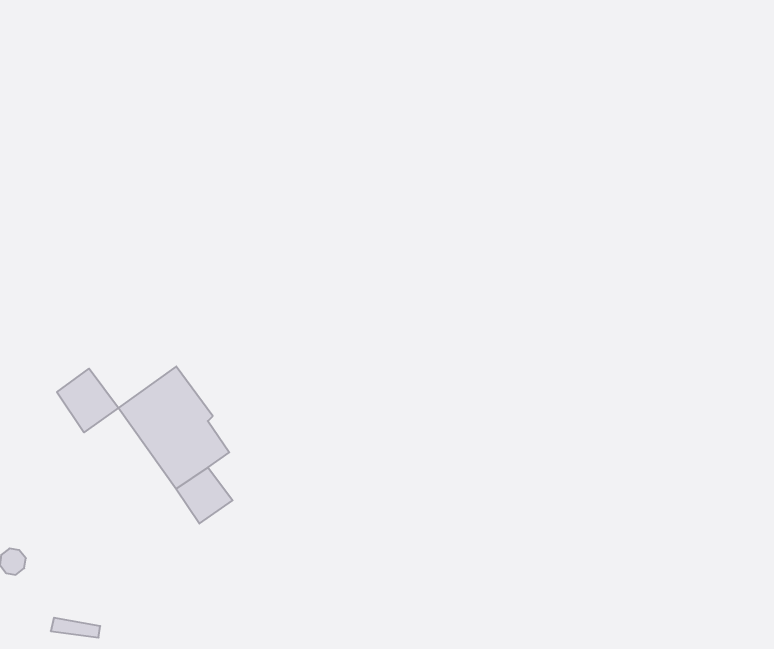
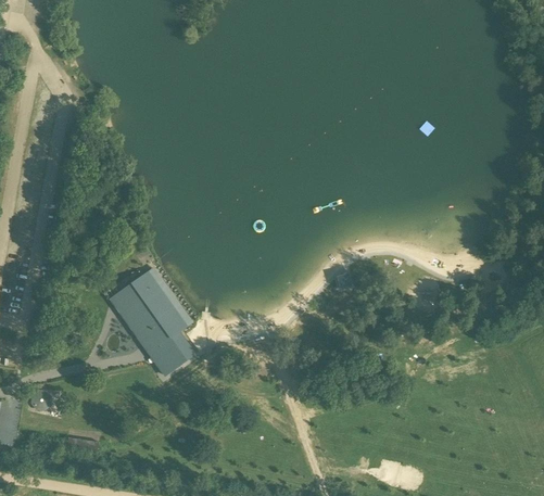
building: [57,369,118,432] -> none

